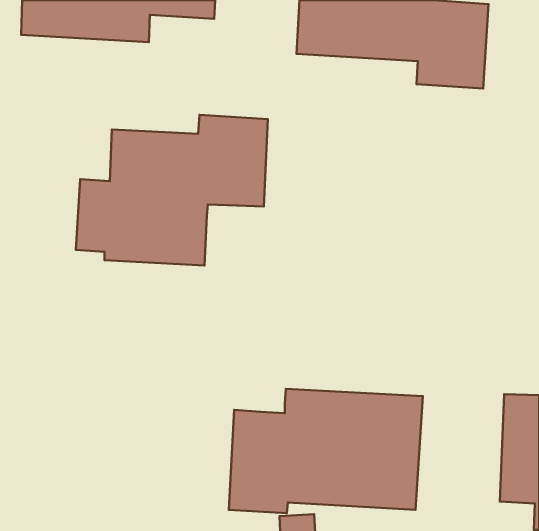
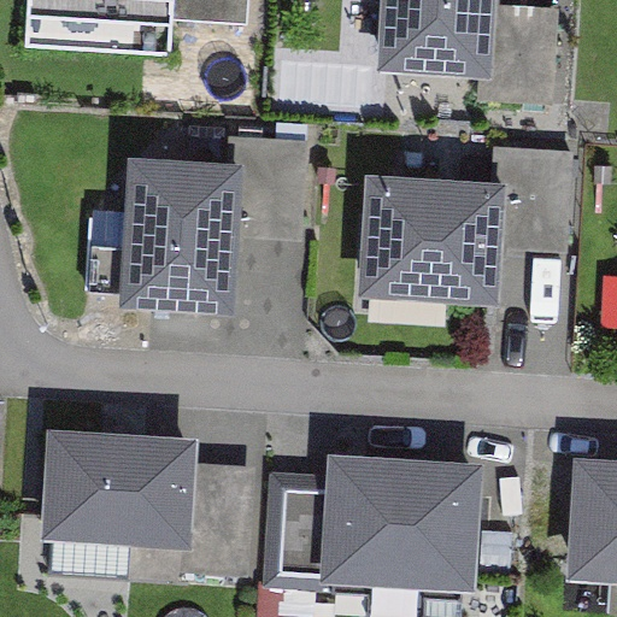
building: none -> [357,149,574,304]
building: none -> [41,429,255,586]

